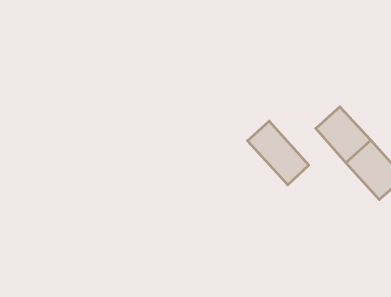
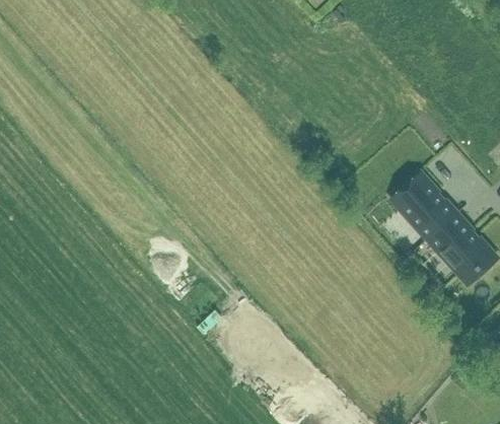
building: [247,121,309,185] -> none

